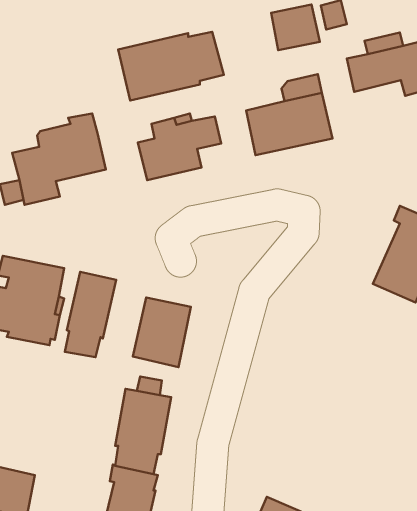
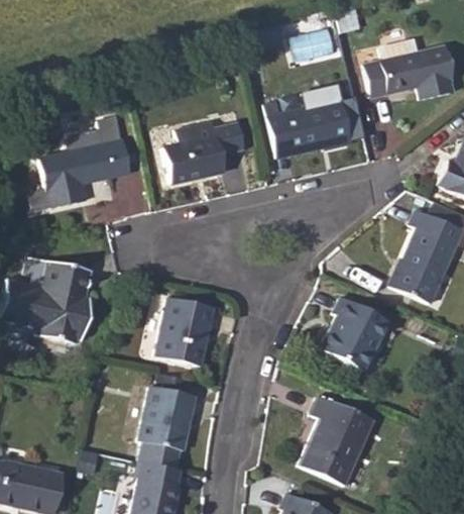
building: [118,32,224,101] -> none
building: [65,272,116,357] -> none
building: none -> [321,298,387,370]
building: none -> [300,396,372,485]

